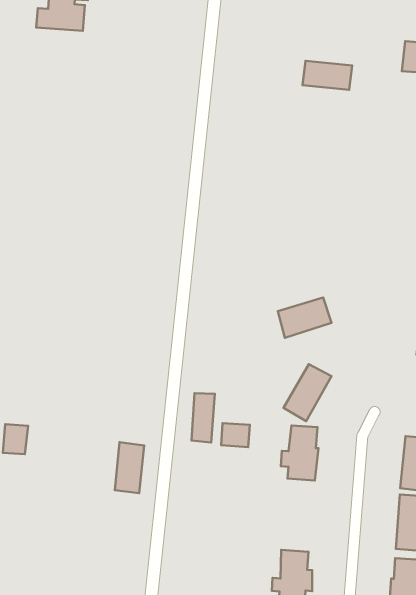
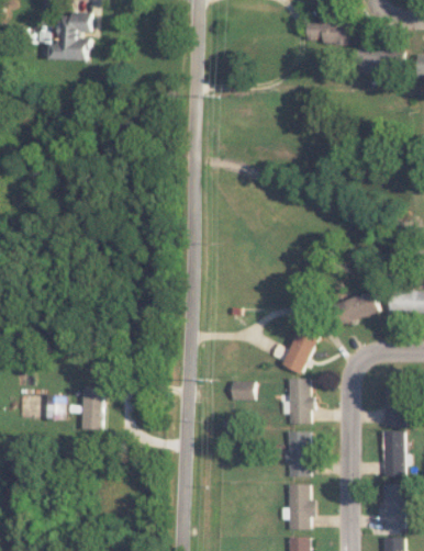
building: [303,61,352,90] -> [305,22,346,44]
building: [278,298,332,338] -> [334,290,380,326]
building: [191,393,215,442] -> none
building: [115,442,144,493] -> [81,387,103,429]
building: none -> [287,430,311,476]

